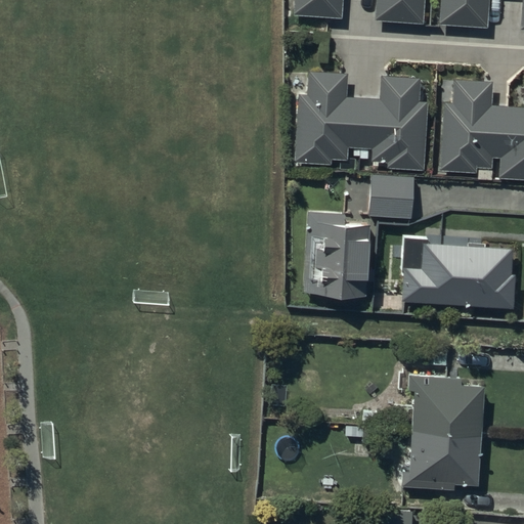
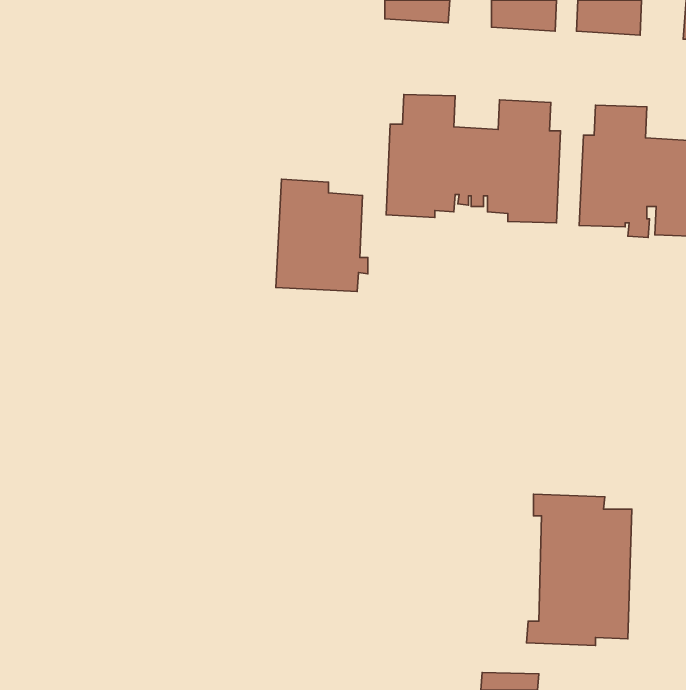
building: [369,174,413,217] -> none
building: [305,211,375,296] -> [276,179,368,291]
building: [401,236,516,308] -> none

